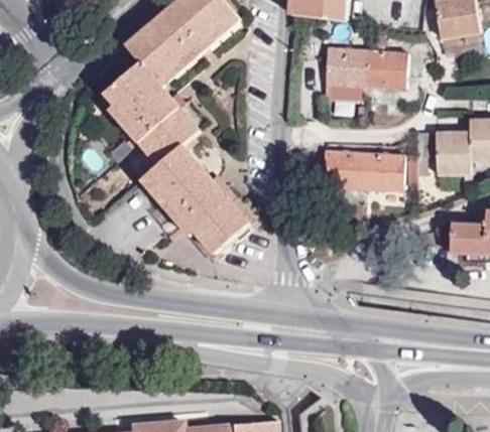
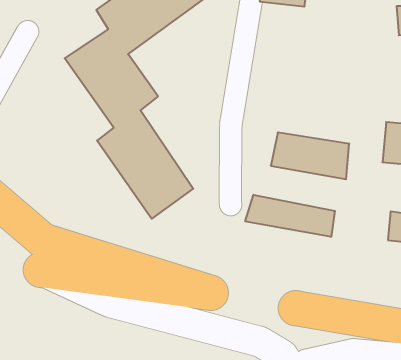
building: [323,46,408,102] -> none
building: none -> [245,195,335,237]

